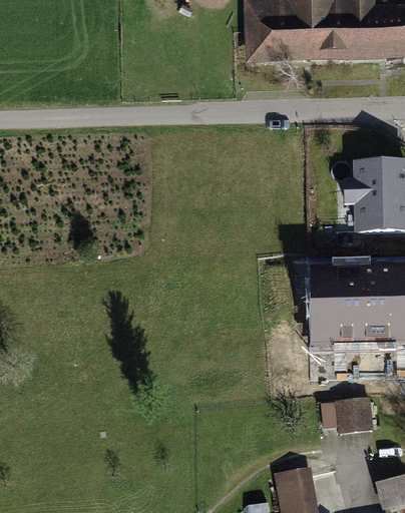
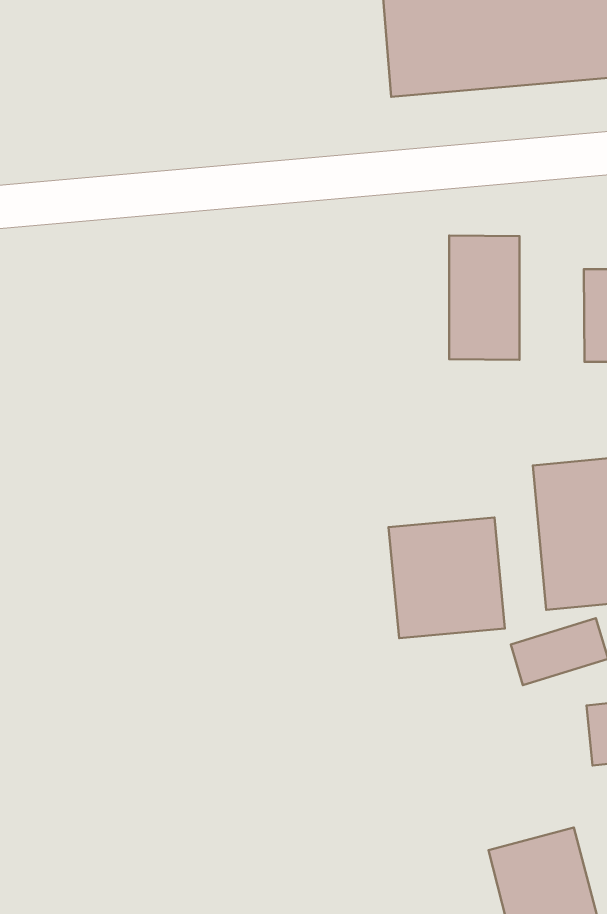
building: none -> [449,236,519,360]
building: none -> [388,517,505,638]

